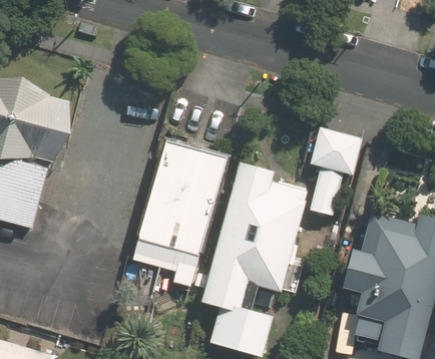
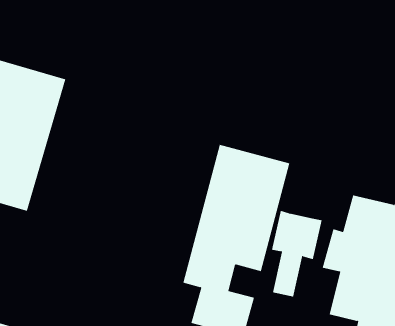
building: [310,126,362,215] -> [271,210,322,297]
building: [133,141,226,288] -> none

